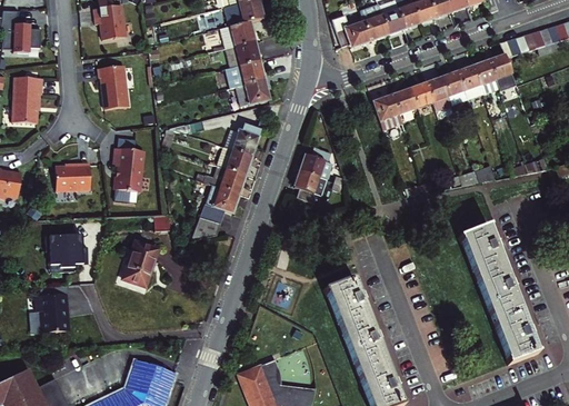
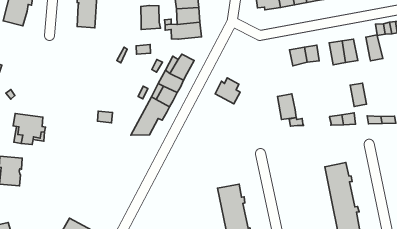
building: [470,60,496,92] -> [350,83,367,106]
building: none -> [141,6,160,30]
building: [423,76,449,109] -> none
building: [371,93,400,129] -> [278,94,296,119]
building: [117,147,147,189] -> none
building: [58,162,92,190] -> none
building: [296,167,328,200] -> none
building: [123,238,160,284] -> none

